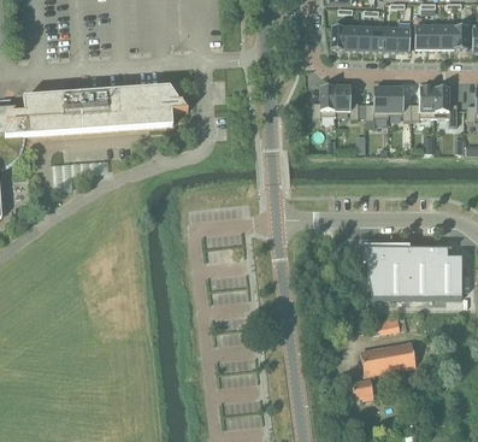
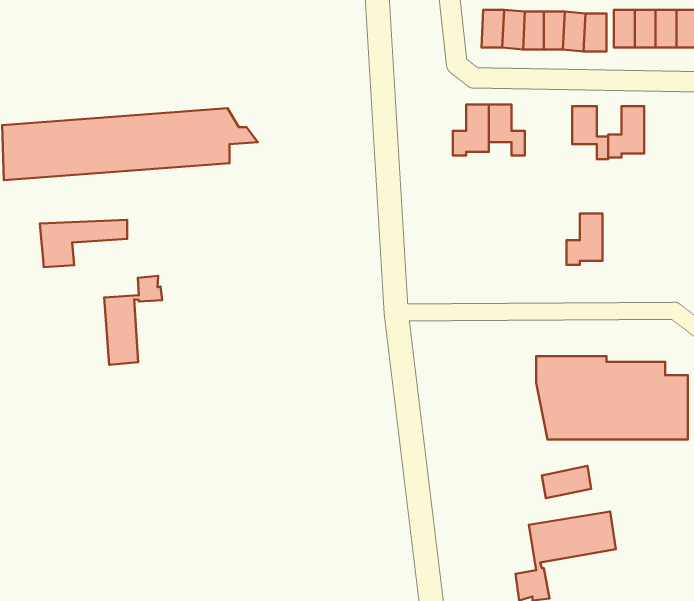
building: [366,86,389,118] -> [567,214,603,265]
building: [435,86,458,124] -> none
building: none -> [104,276,162,365]

